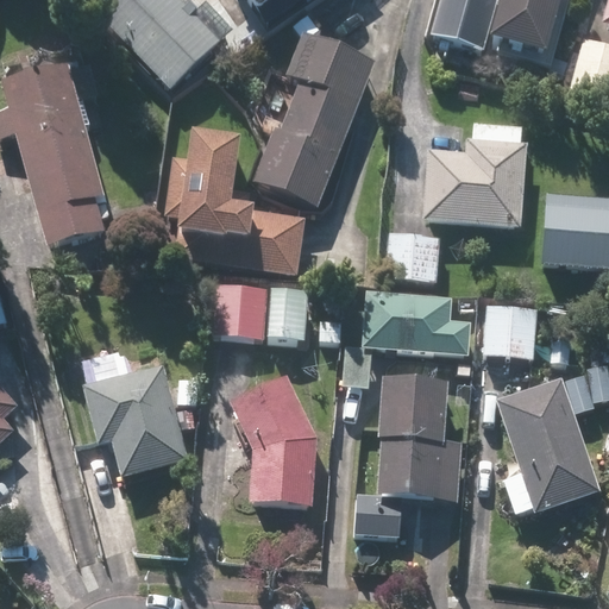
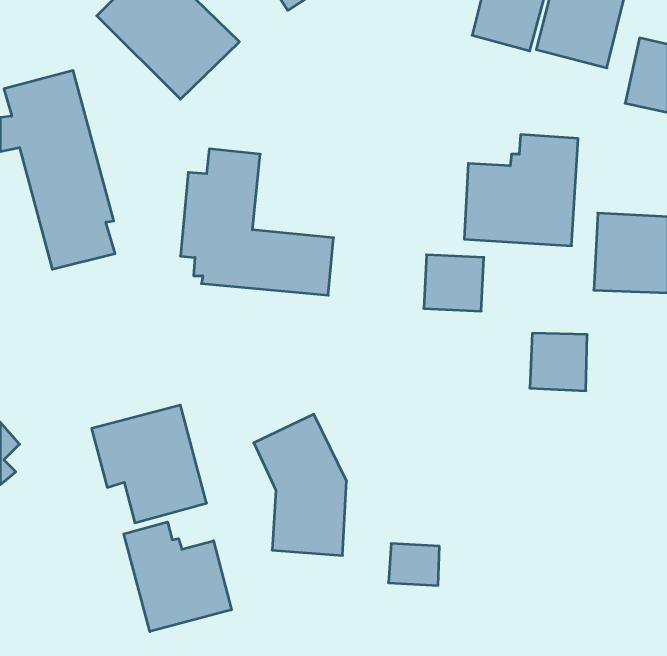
building: [255,31,376,207] -> none
building: [239,284,306,341] -> none
building: [360,291,470,352] -> none
building: [494,375,601,513] -> none
building: [378,381,460,495] -> none
building: none -> [124,522,231,632]

